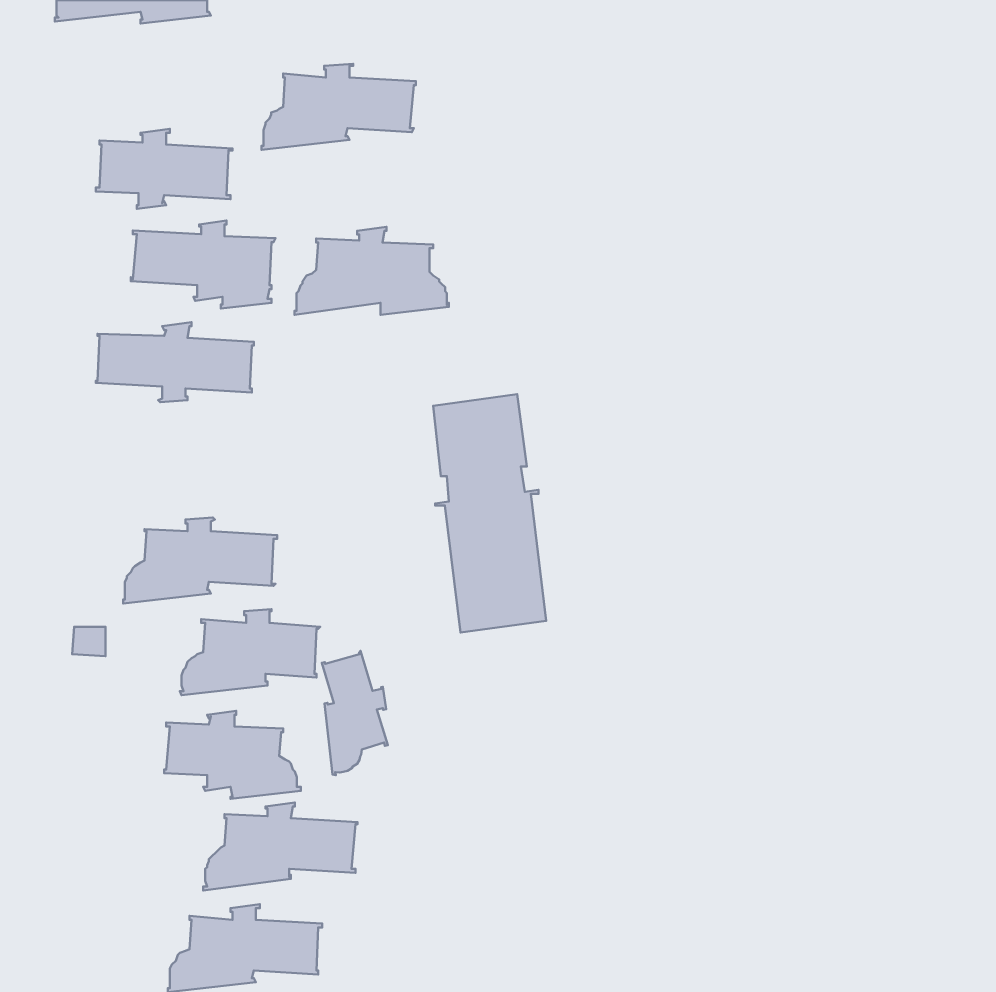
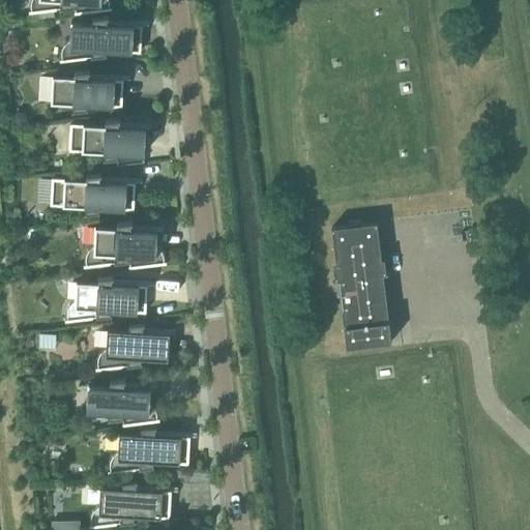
building: [262,64,416,150] -> [60,18,142,63]
building: [295,227,449,315] -> [84,223,166,269]
building: [433,394,546,632] -> [331,224,391,350]
building: [322,651,388,775] -> none

